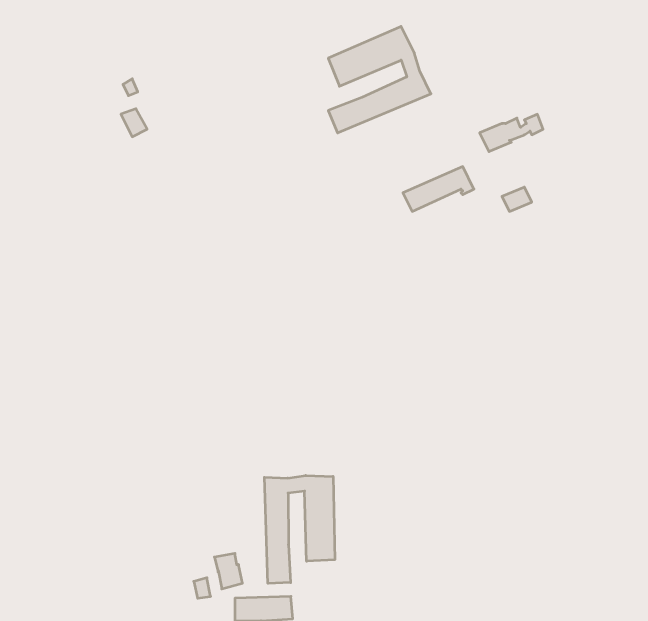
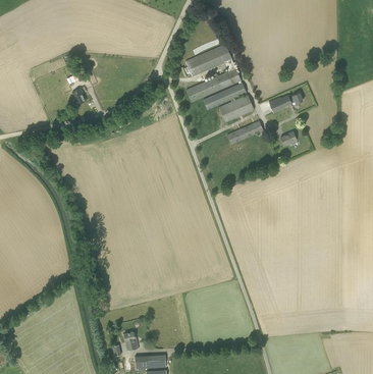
building: none -> [203,83,255,122]
building: [264,475,335,583] -> none

